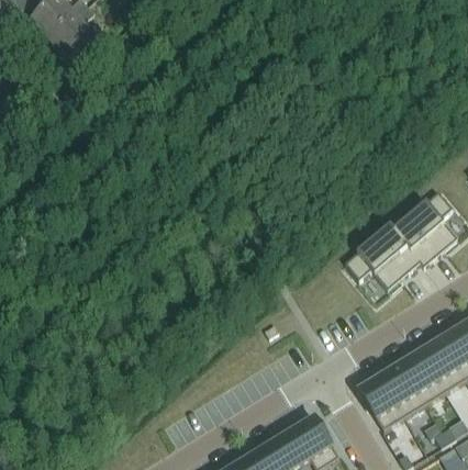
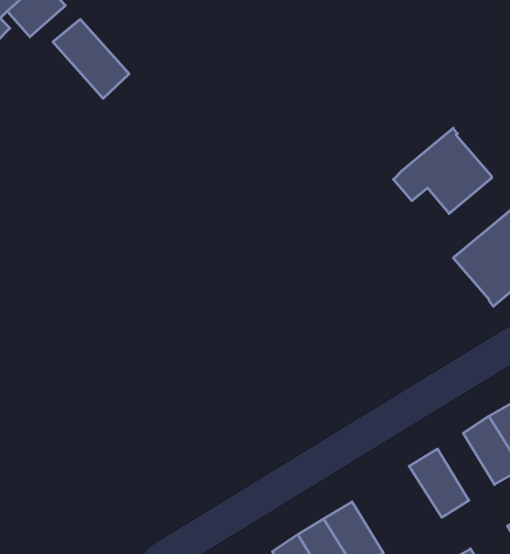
building: none -> [53,19,129,98]
building: [344,223,420,289] -> [393,128,492,214]
building: [380,363,424,415] -> none

